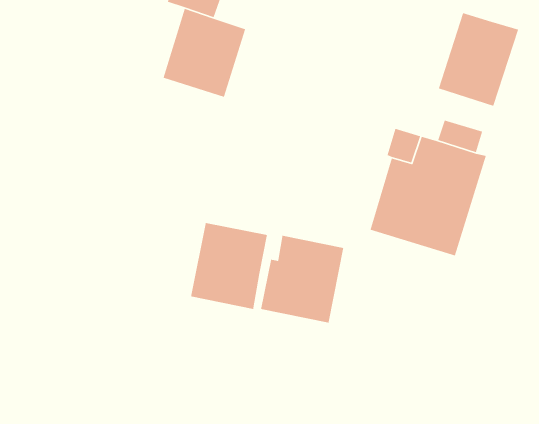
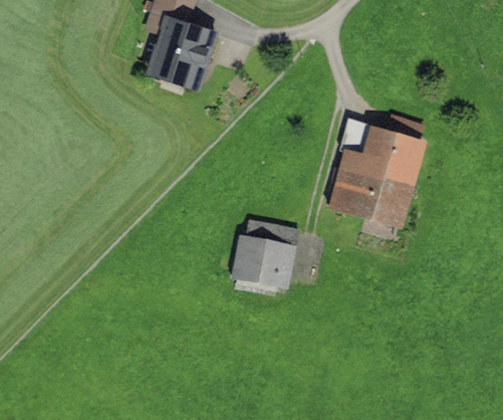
building: [438,12,519,107] -> none
building: [190,222,268,310] -> none

